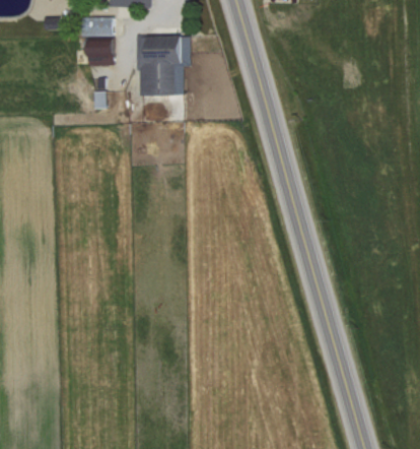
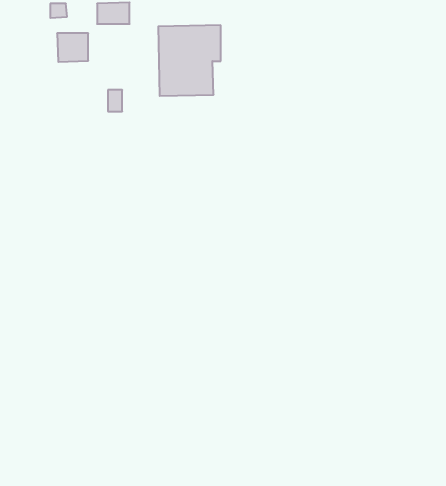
building: [86,41,113,65] -> [57,33,88,62]

